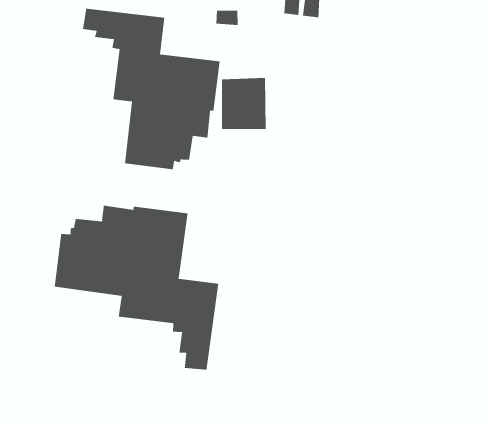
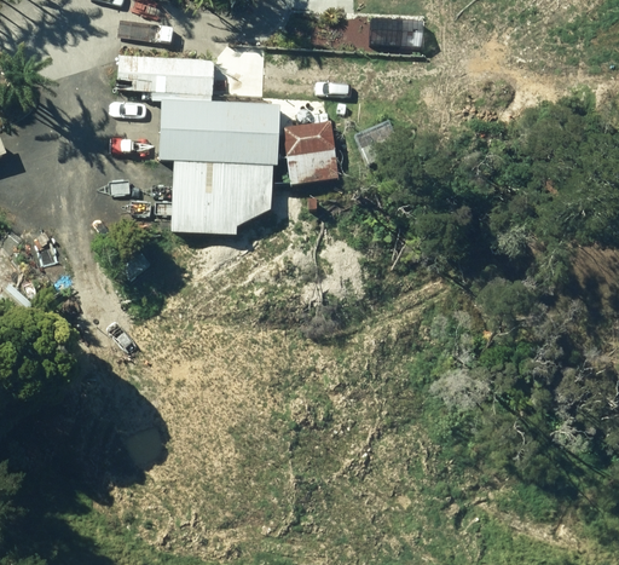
building: [54,205,219,370] -> none

